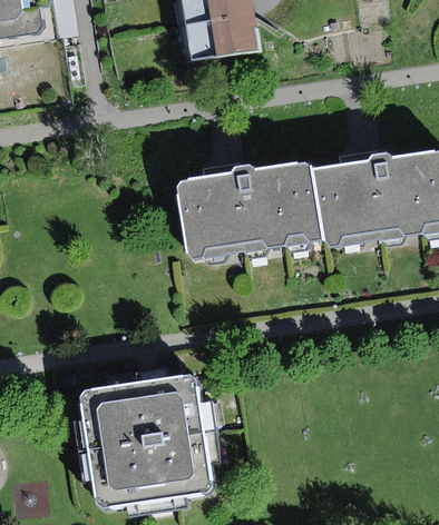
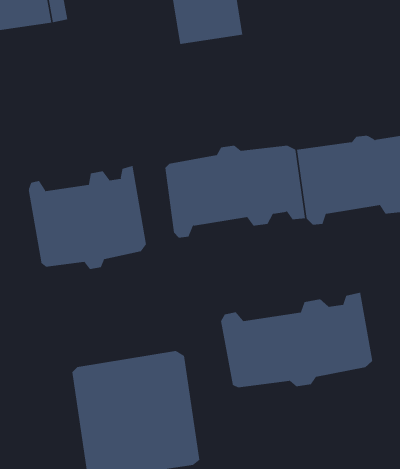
building: none -> [28,165,146,270]
building: none -> [221,292,373,388]

